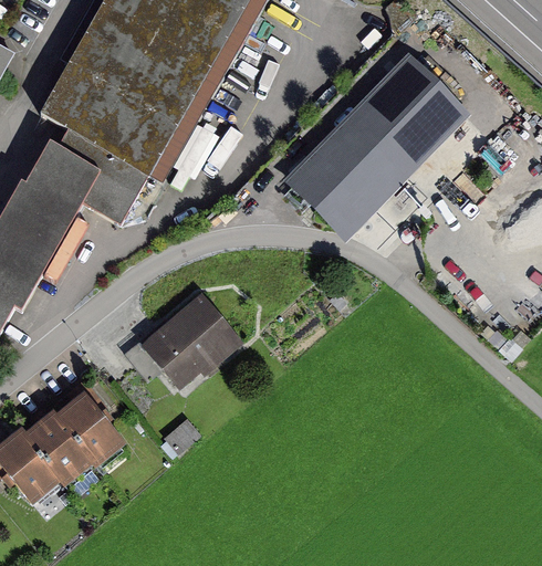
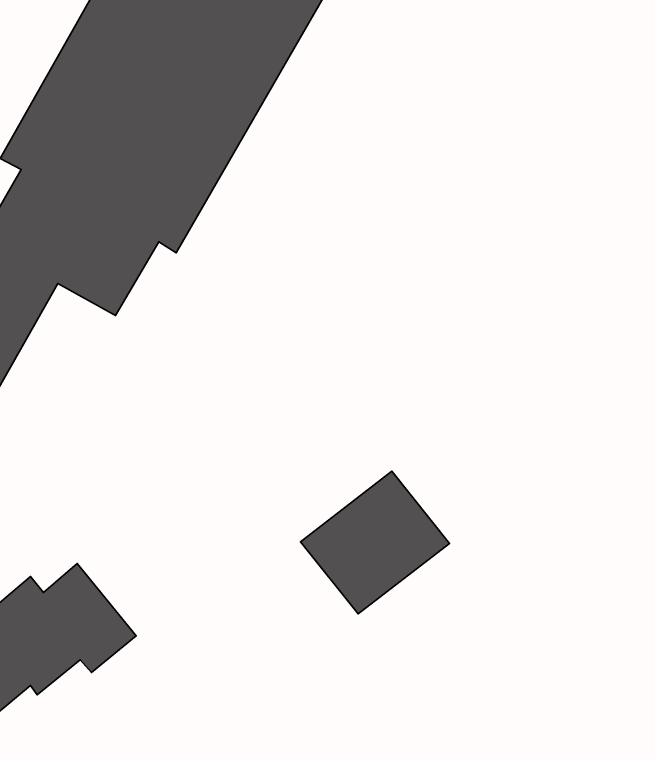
building: [289,57,465,237] -> none
building: [139,293,242,391] -> [301,471,450,614]

